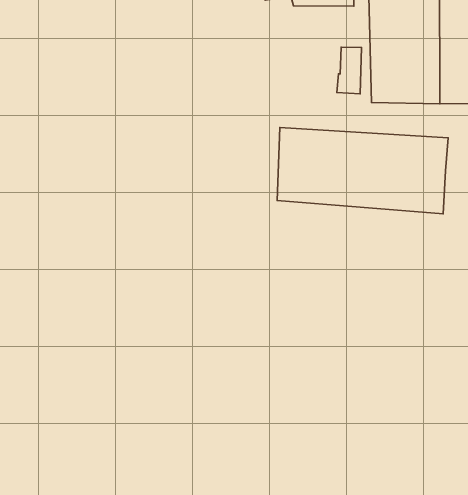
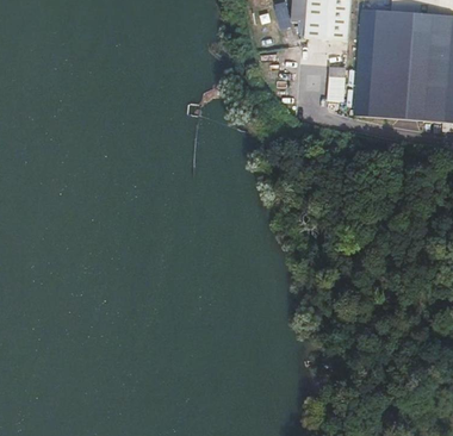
building: [277,128,448,214] -> none

